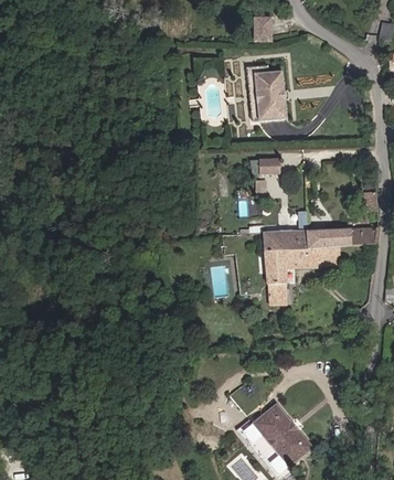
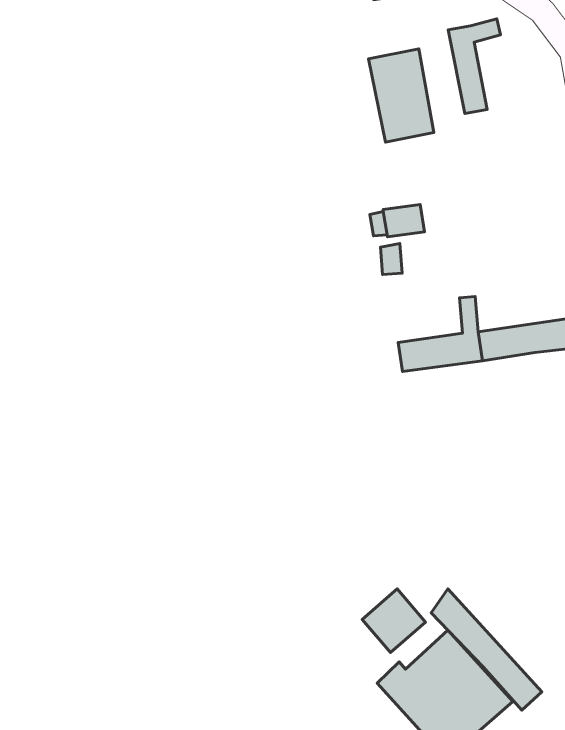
building: none -> [448,19,501,114]
building: [262,245,338,305] -> none
building: none -> [431,589,542,710]

